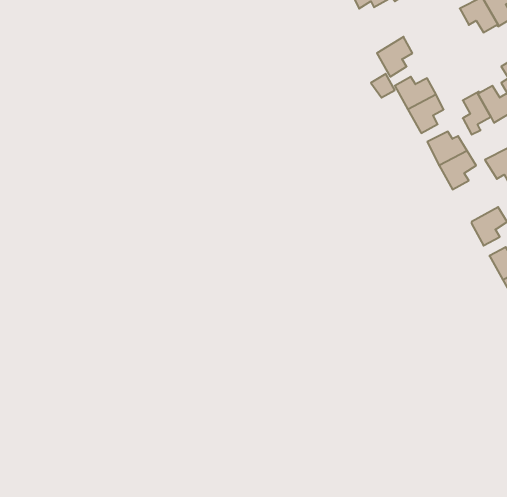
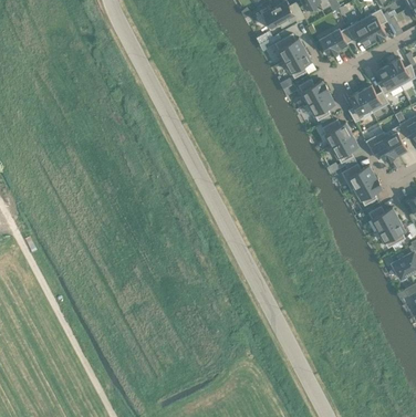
building: none -> [320,28,353,55]
building: none -> [274,33,304,61]
building: none -> [341,164,375,190]

